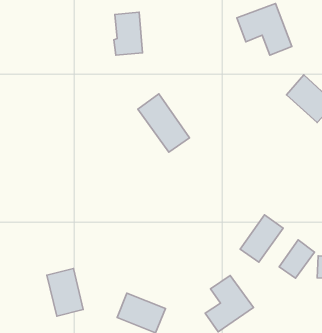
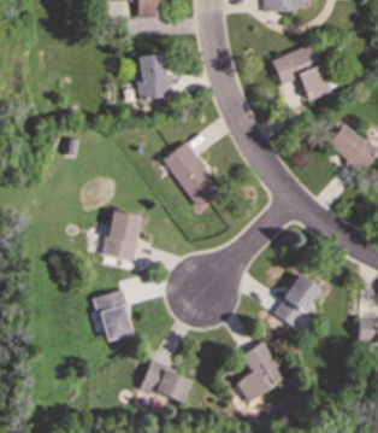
building: none -> [102,210,141,259]
building: [279,240,315,278] -> none
building: [47,269,83,316] -> [94,289,134,341]

